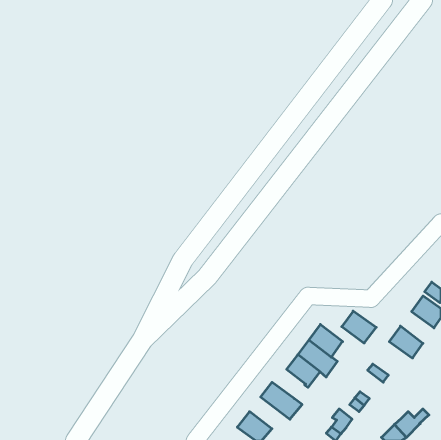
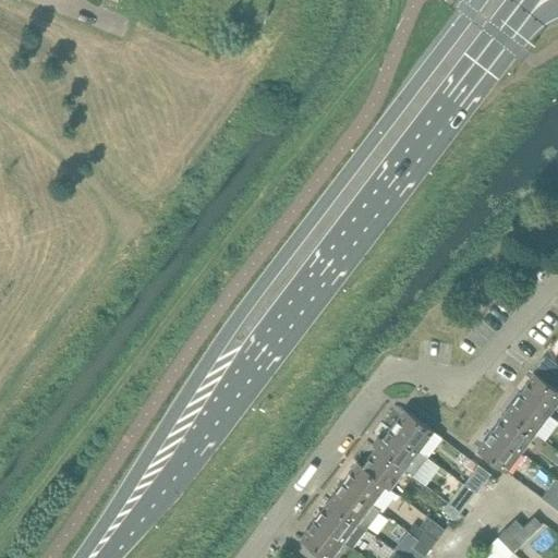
building: [342,311,376,343] -> [477,433,521,473]
building: none -> [506,395,548,435]
building: none -> [343,464,386,505]
building: none -> [315,502,366,549]

